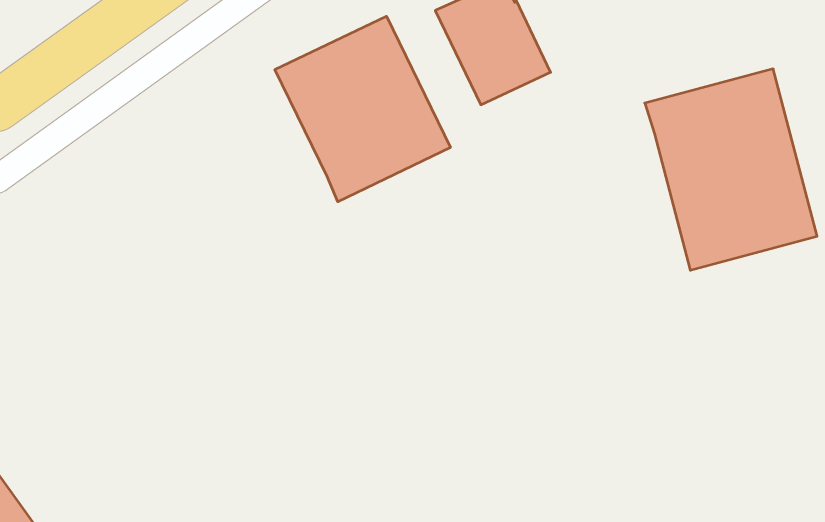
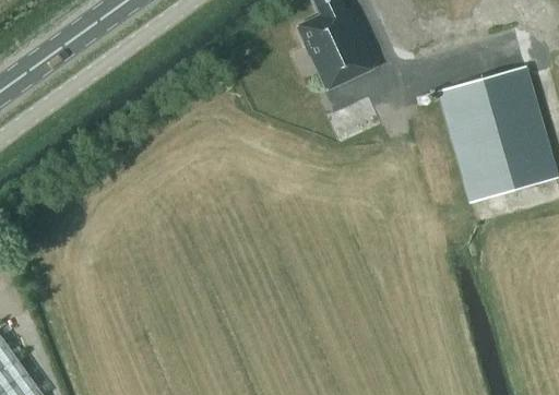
building: [275,16,450,202] -> none

